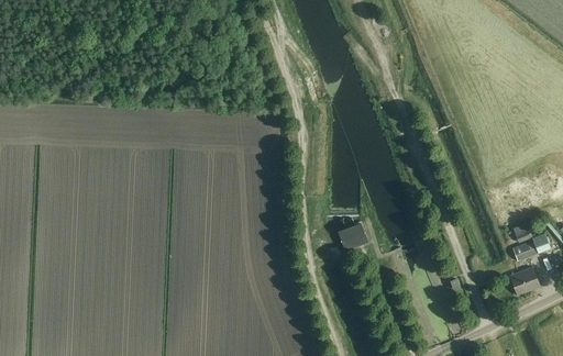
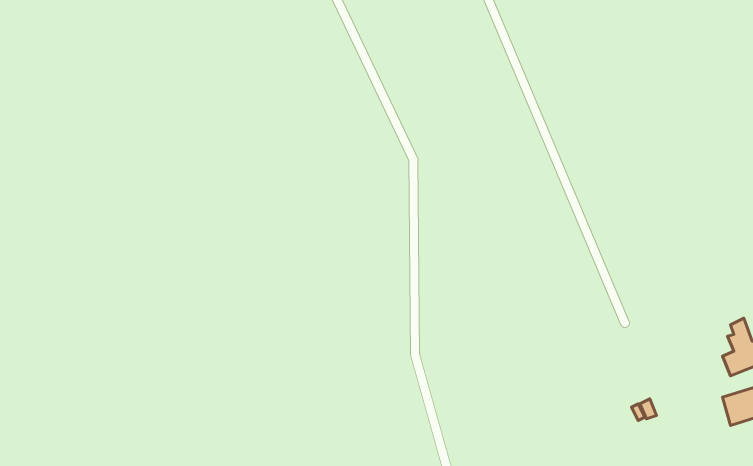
building: [339,223,367,249] -> none

